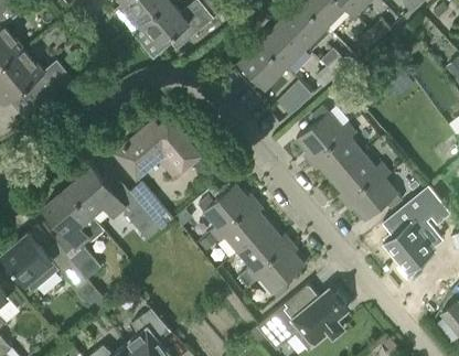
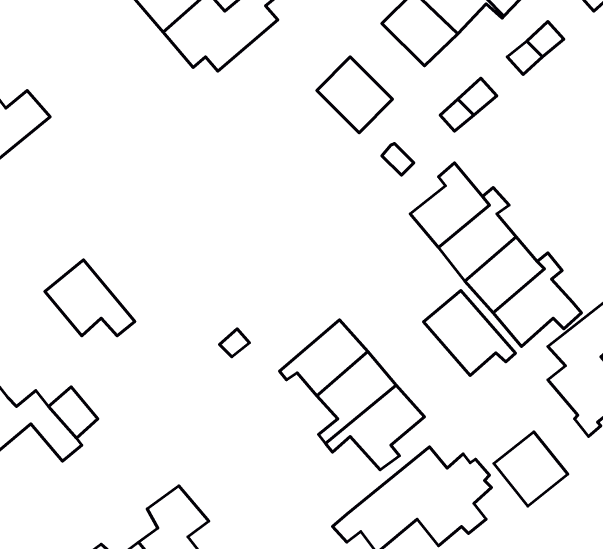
building: [258,21,305,68] -> none
building: [114,120,200,181] -> none
building: [125,183,173,237] -> none
building: [203,185,252,238] -> none
building: none -> [424,291,515,376]
building: [44,188,104,247] -> none
building: none -> [494,432,568,506]

